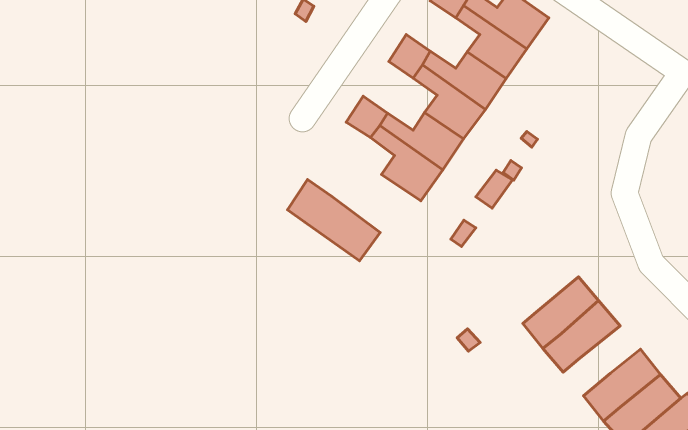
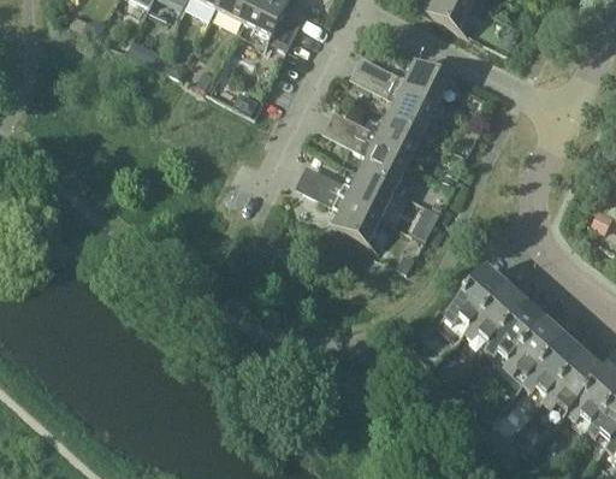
building: [287,180,380,261] -> none
building: none -> [450,268,508,329]
building: none -> [507,319,567,380]

